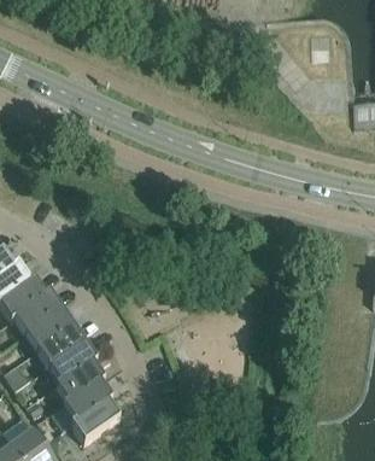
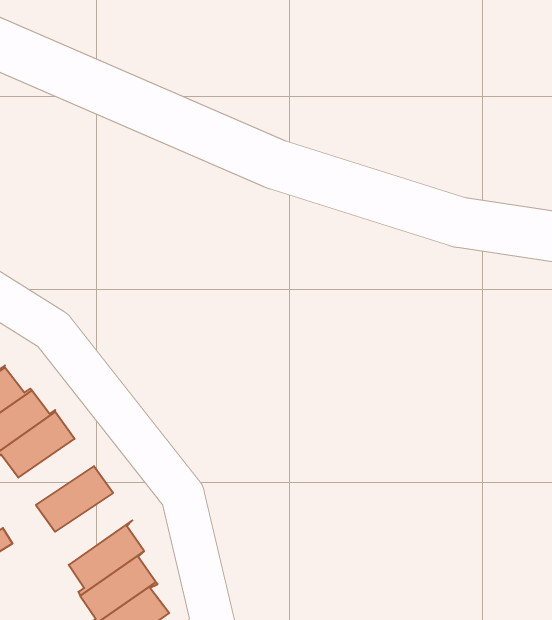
building: [25,308,72,349] -> none
building: [48,342,96,386] -> none

